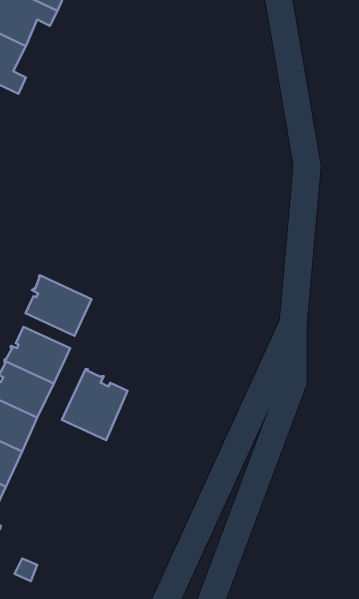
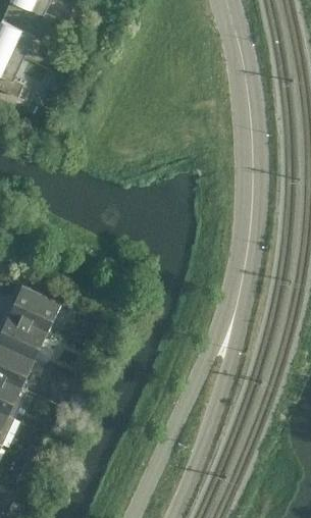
building: [26,275,91,336] -> none
building: [62,369,128,440] -> none

